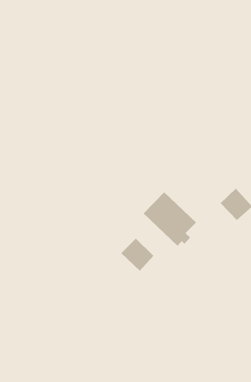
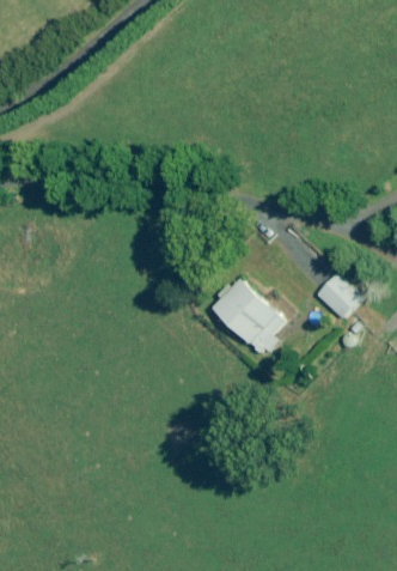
building: [121,238,154,271] -> none

